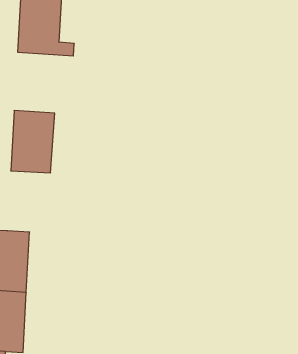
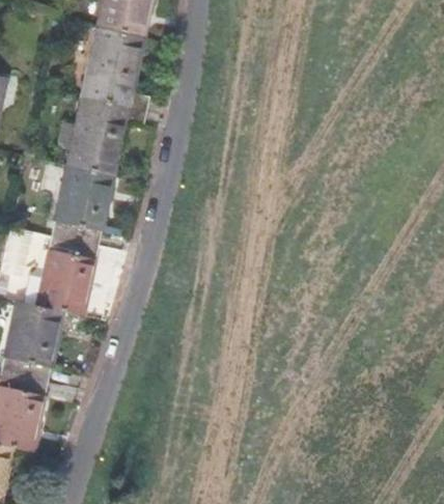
building: none -> [66,94,146,173]
building: none -> [37,233,99,313]

